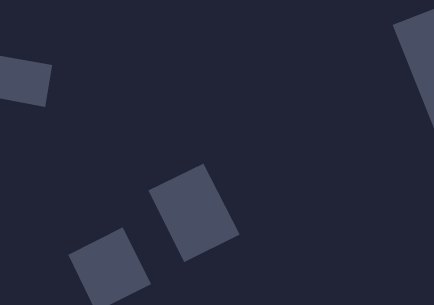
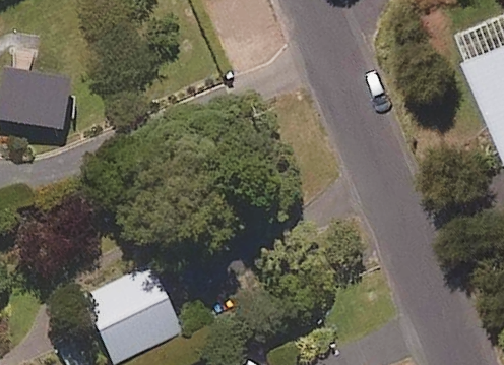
building: [147,163,241,263] -> none

